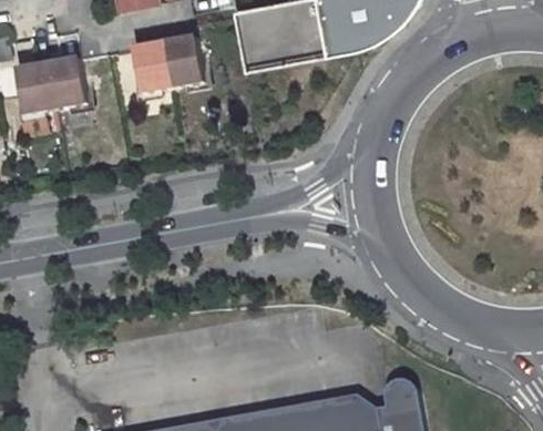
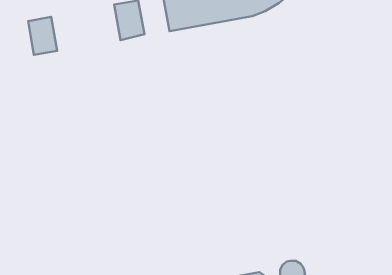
building: [135,38,173,91] -> none
building: [18,60,57,112] -> none

